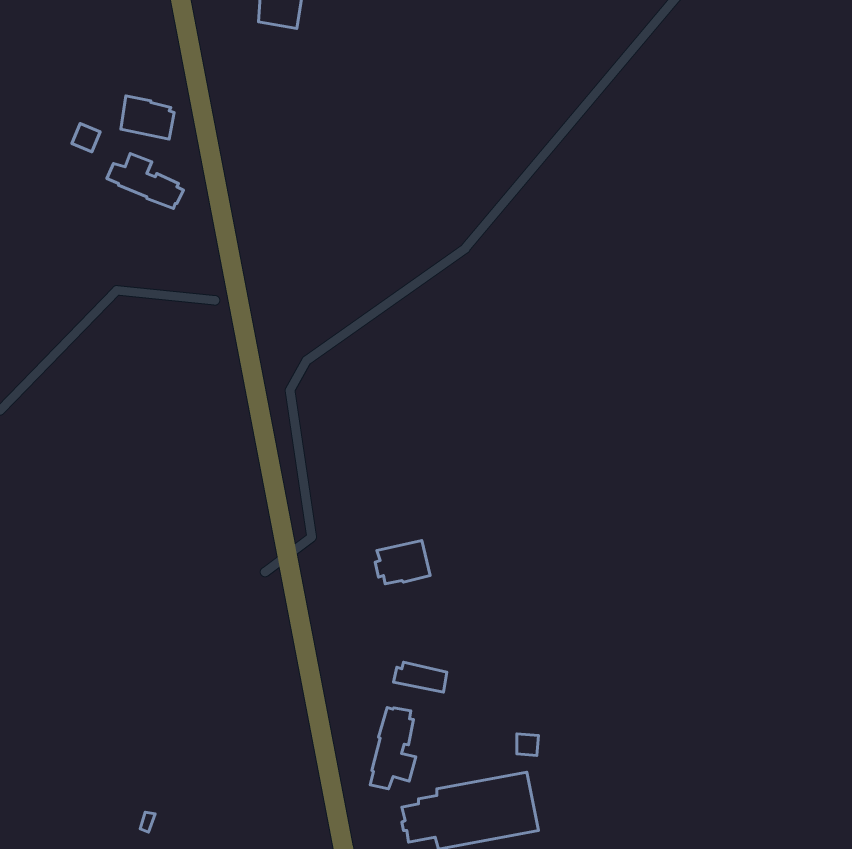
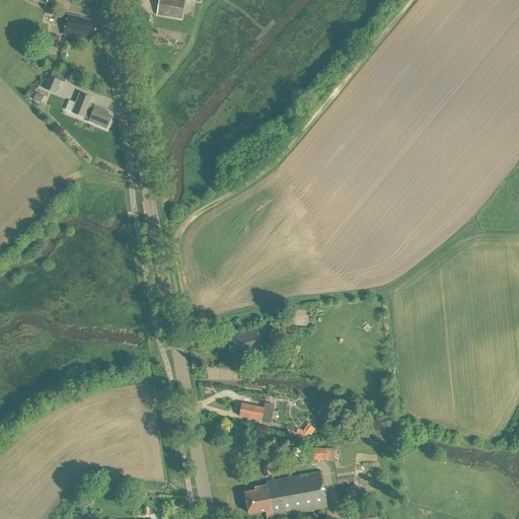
building: [121,96,174,139] -> [64,13,96,40]
building: [370,707,416,789] -> none

